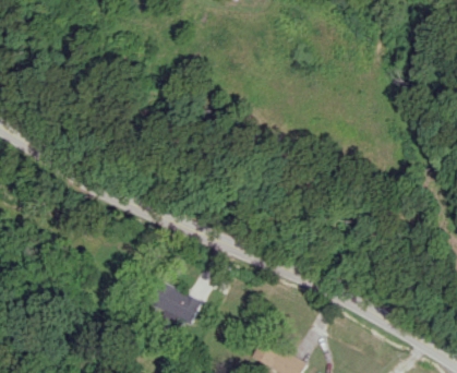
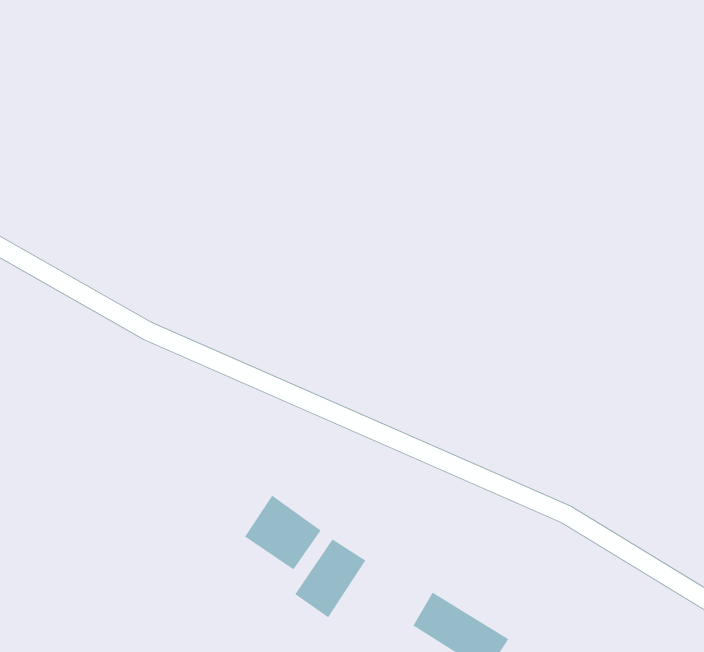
building: none -> [294,538,366,618]

